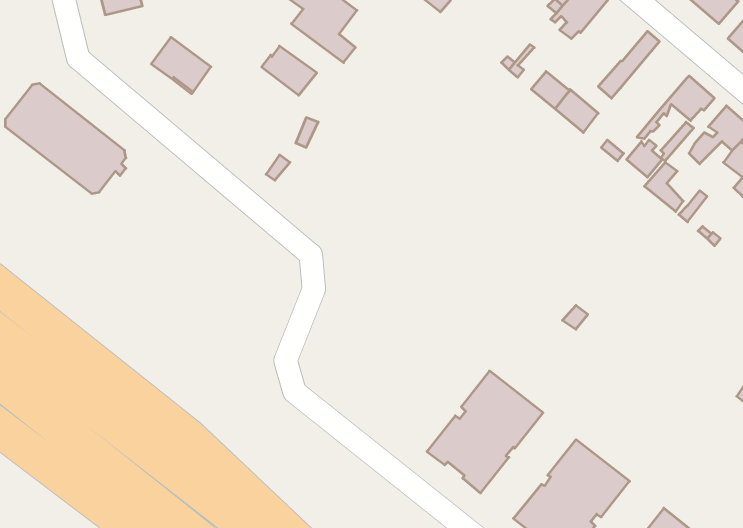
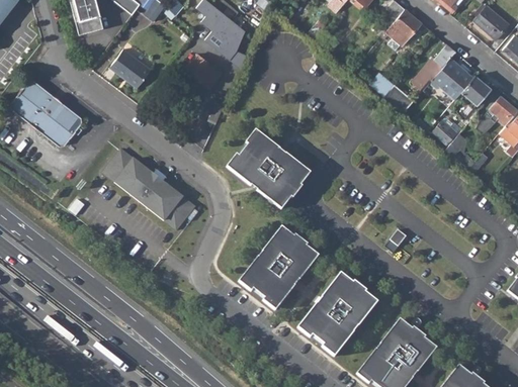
building: none -> [429,57,473,98]
building: none -> [227,130,310,209]
building: none -> [103,149,195,229]
building: none -> [239,227,318,310]

